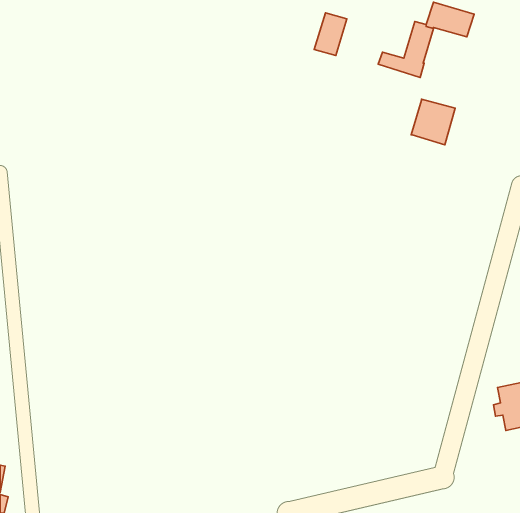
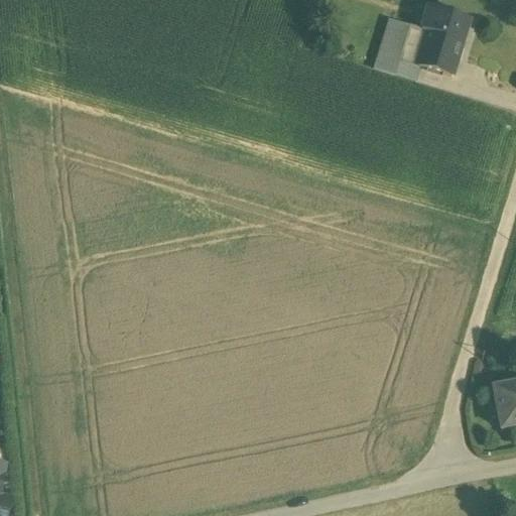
building: [314,13,347,56] -> [379,15,411,57]
building: [411,99,455,145] -> [419,27,463,73]

